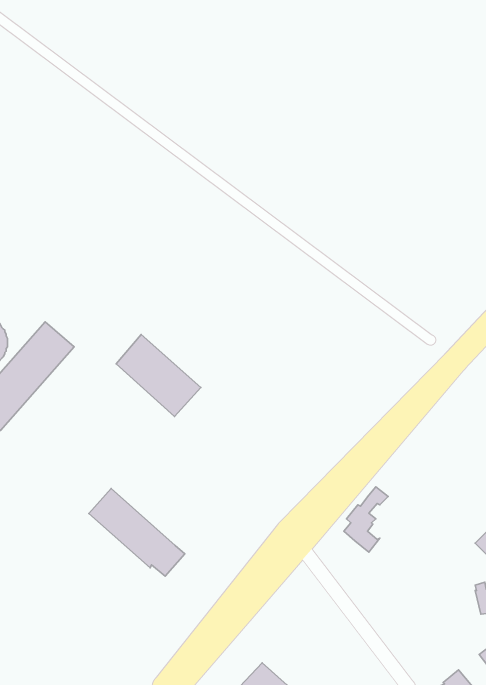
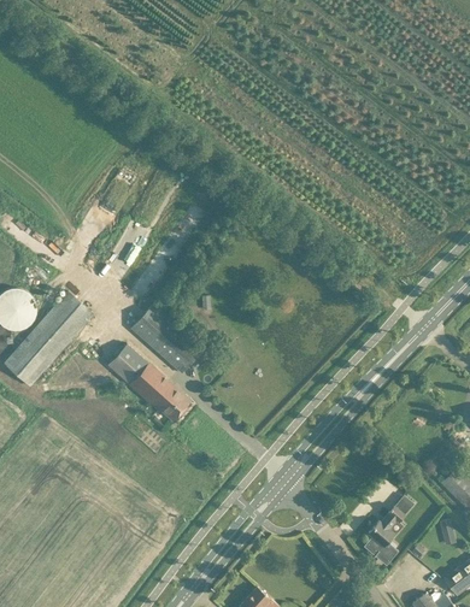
building: [344,487,388,552] -> [365,506,404,562]
building: [89,488,185,576] -> [106,343,189,419]

